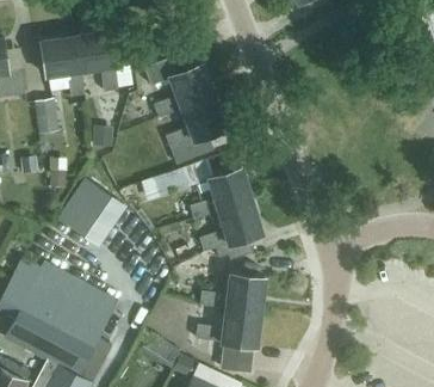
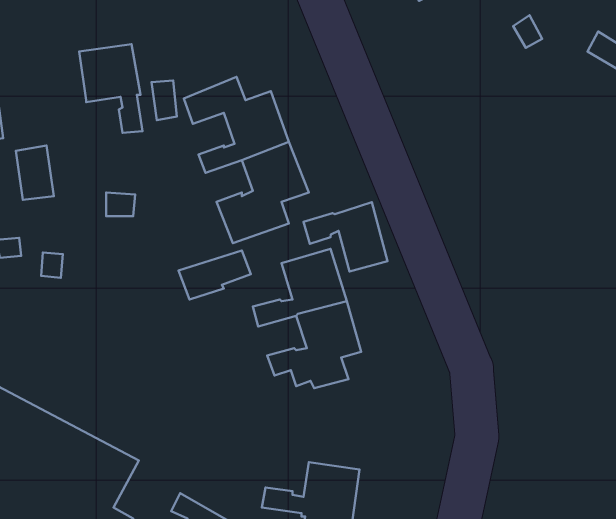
building: [39,37,83,97] -> none
building: none -> [303,202,388,271]
building: [56,178,126,247] -> none
building: [200,274,265,313] -> none

